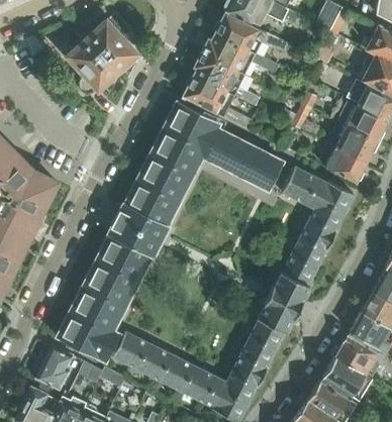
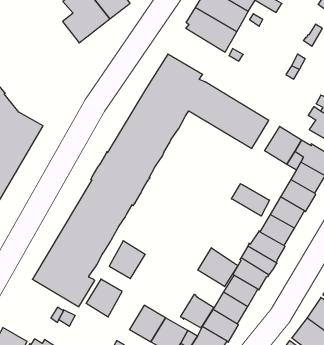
building: [184,74,253,128] -> none
building: none -> [231,184,270,216]
building: none -> [198,248,238,287]
building: none -> [181,294,213,328]
building: [136,342,172,380] -> [109,241,145,279]
building: [36,345,73,389] -> none

